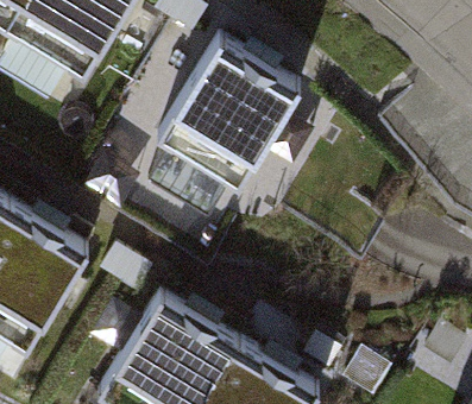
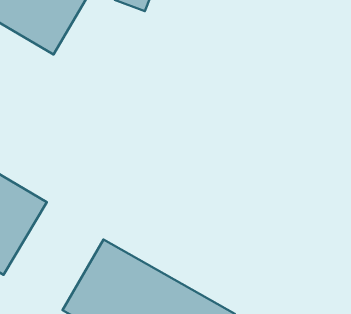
building: [168,58,297,191] -> none

